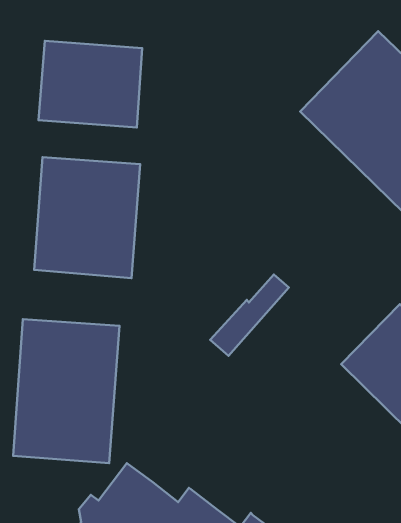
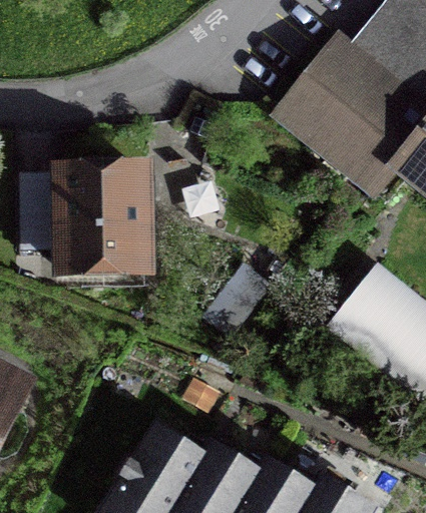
building: [38,41,142,128] -> none
building: [13,319,120,463] -> none

